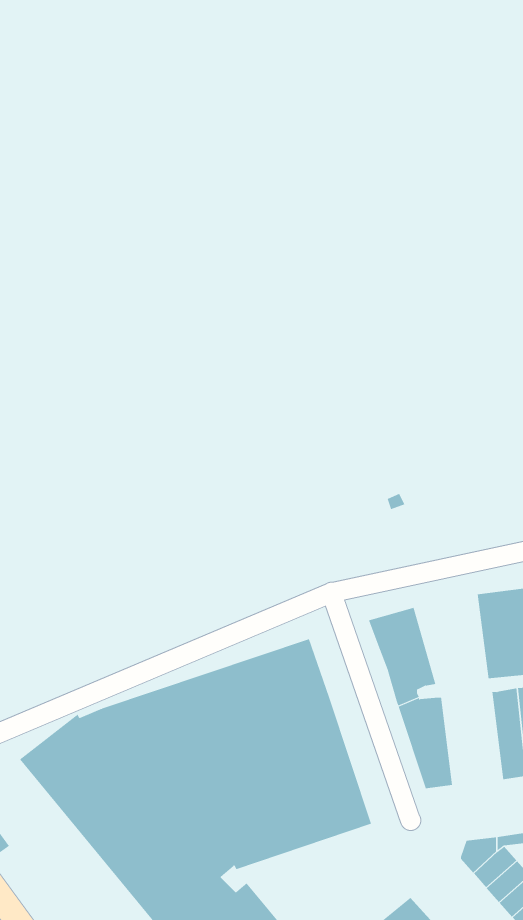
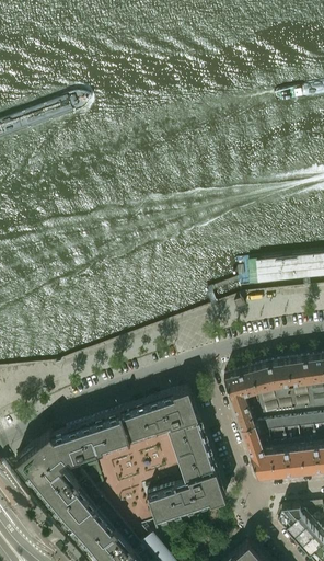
building: none -> [251,363,294,416]
building: none -> [267,421,303,477]

